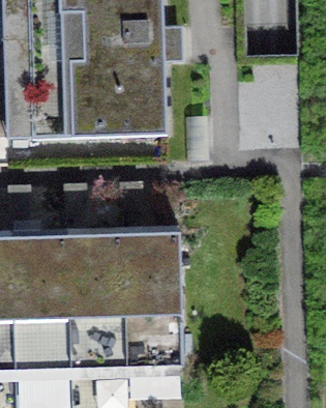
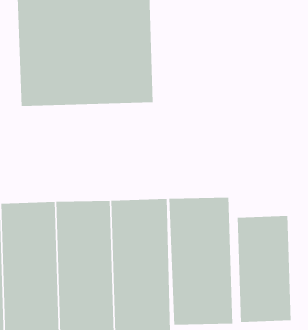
building: none -> [169,197,233,326]
building: none -> [237,215,291,323]

